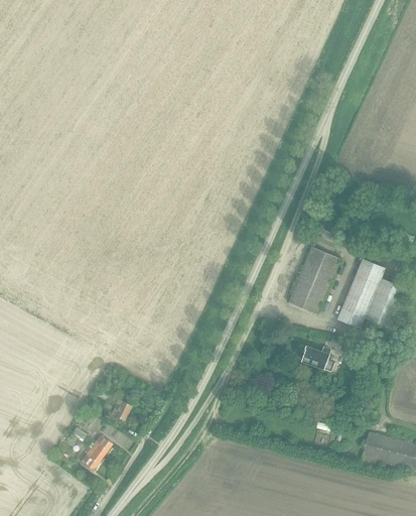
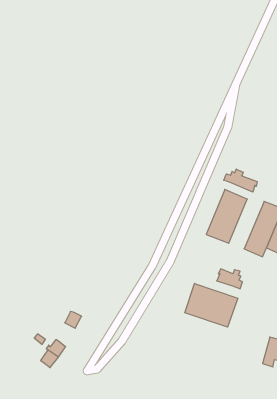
building: none -> [224,169,257,192]
building: none -> [185,283,238,327]

